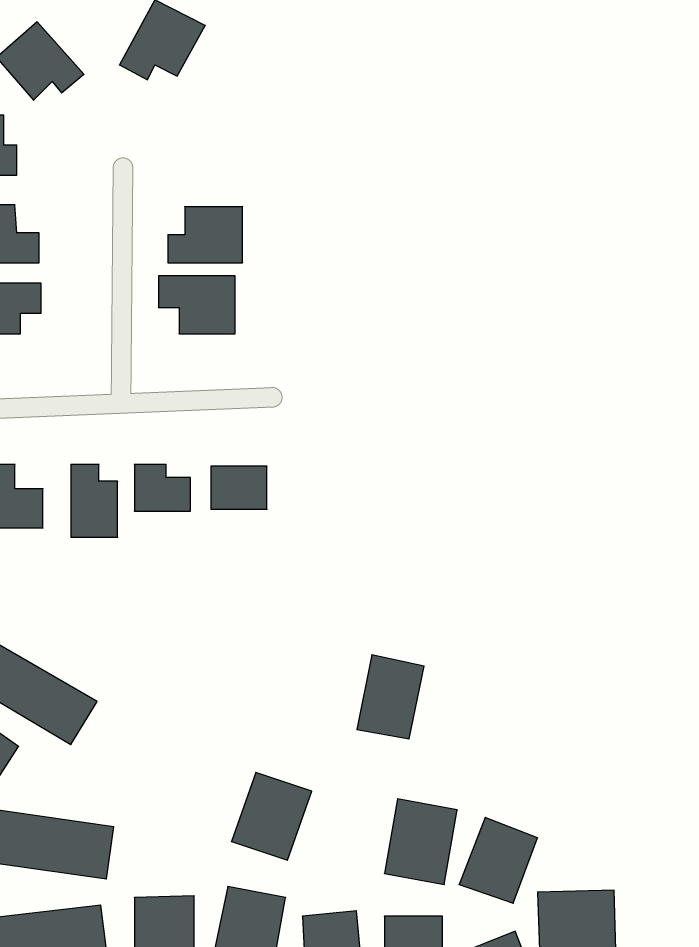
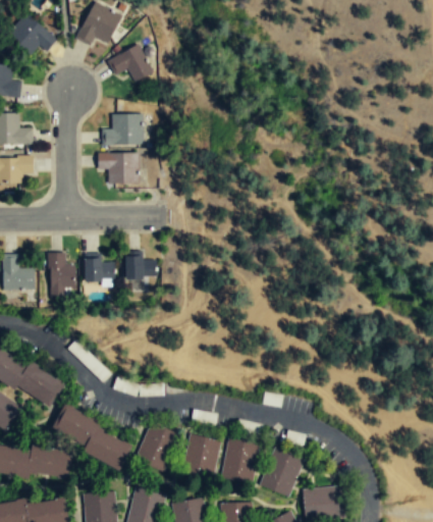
building: none -> [109,46,150,80]
building: [357,655,424,739] -> [183,434,220,480]
building: none -> [51,407,133,468]

